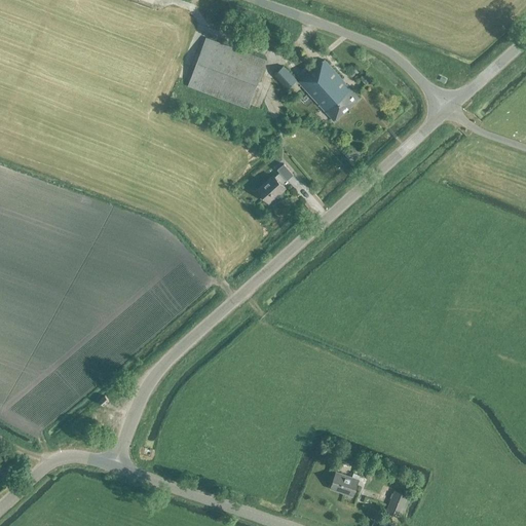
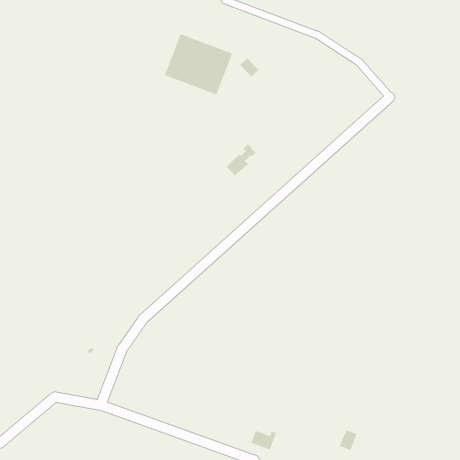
building: [298,60,359,121] -> none
building: [330,472,360,495] -> [251,430,277,450]

